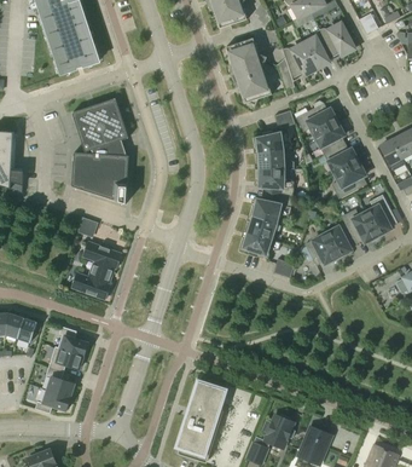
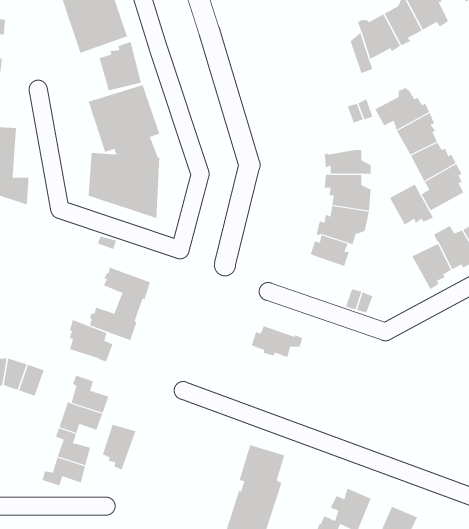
building: [225,38,271,105] -> none
building: none -> [99,41,141,91]
building: [253,128,290,152] -> none
building: [238,232,279,258] -> [251,325,303,358]
building: [303,232,338,265] -> [389,184,434,226]
building: none -> [69,319,113,362]
building: none -> [102,423,136,471]

